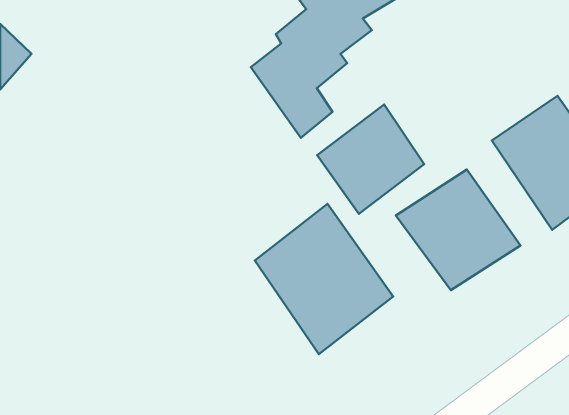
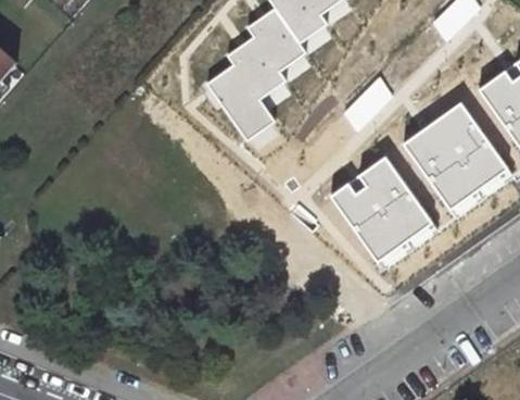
building: [317,105,424,214] -> none
building: [255,204,393,354] -> none

